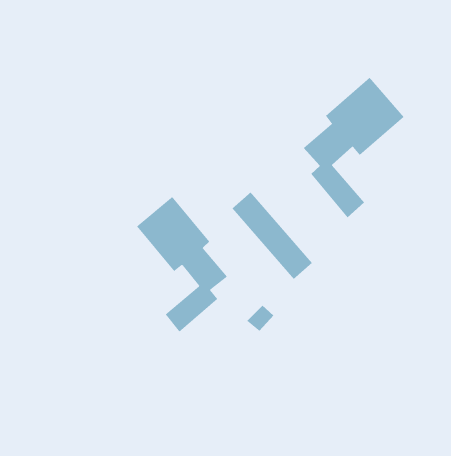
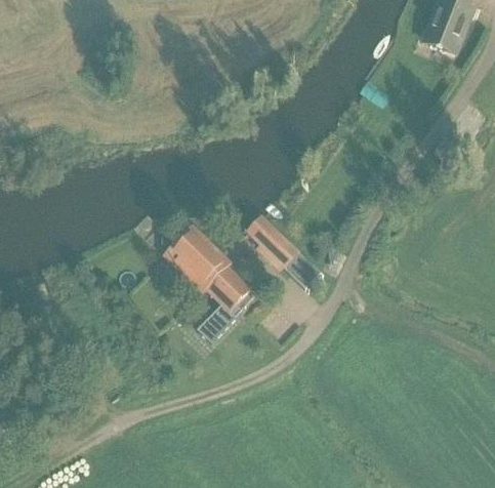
building: [303,77,404,218] -> none

